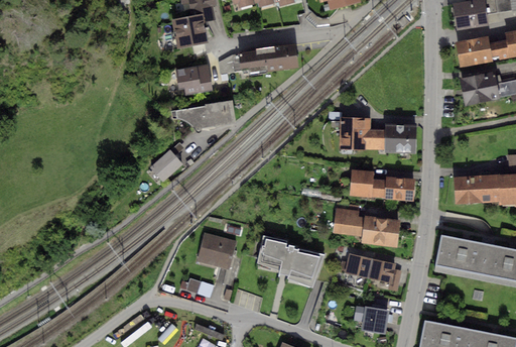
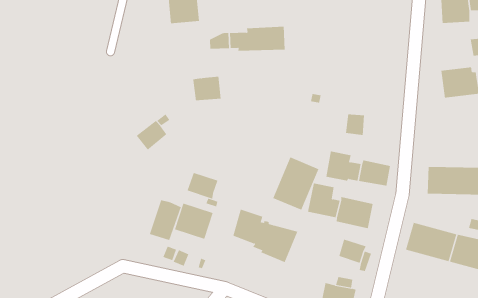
building: [457,36,492,67] -> none
building: [174,64,214,95] -> none
building: [171,106,209,133] -> none
building: [340,118,371,149] -> none
building: [385,124,416,153] -> none
building: none -> [272,157,319,210]
building: none -> [187,172,218,199]
building: none -> [149,199,182,241]
building: [340,253,372,276] -> none

